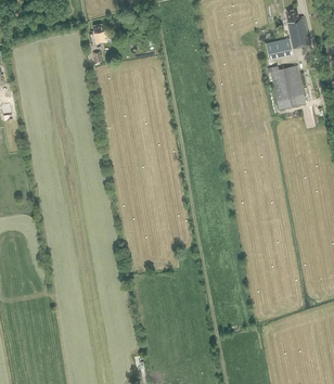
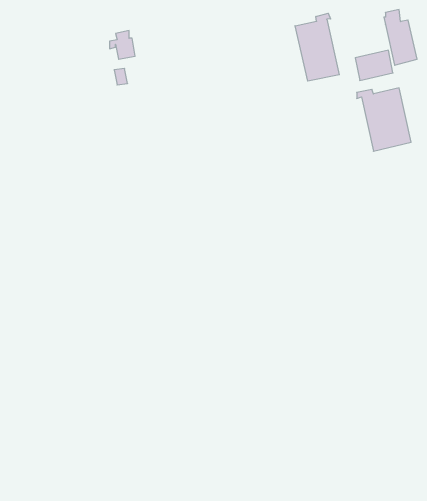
building: none -> [295,13,339,81]

